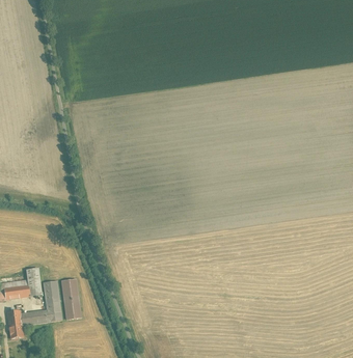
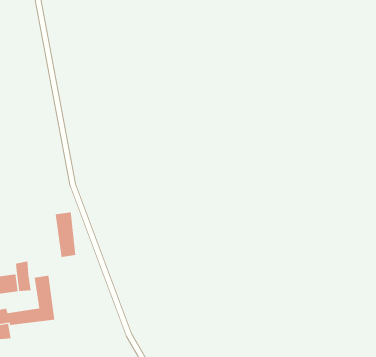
building: [61,278,80,319] -> [55,212,76,258]

